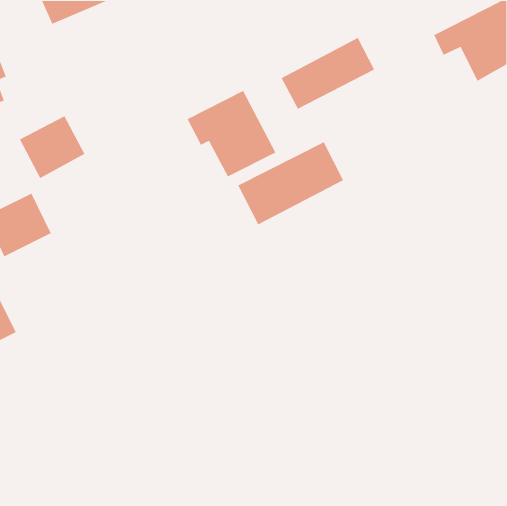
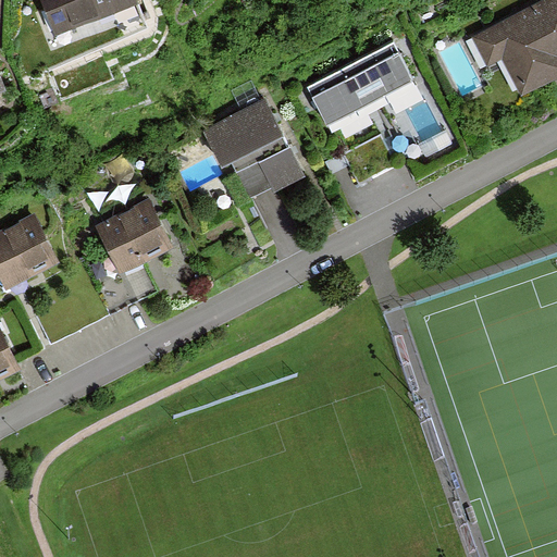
building: [19,115,86,179] -> [96,202,169,272]
building: [237,141,344,225] -> none

